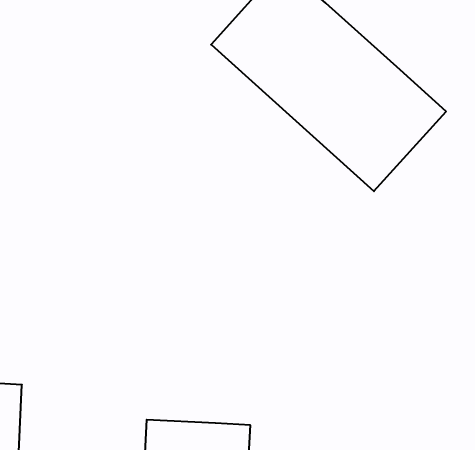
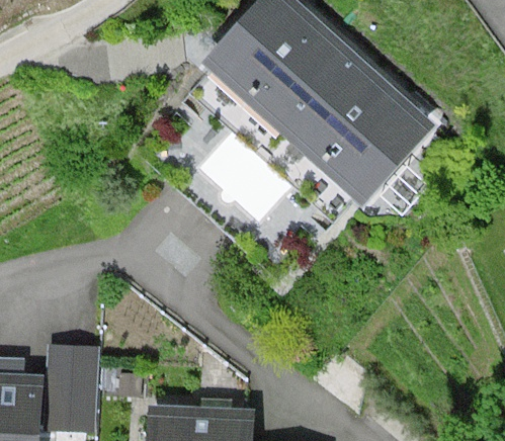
building: none -> [50,346,95,430]

